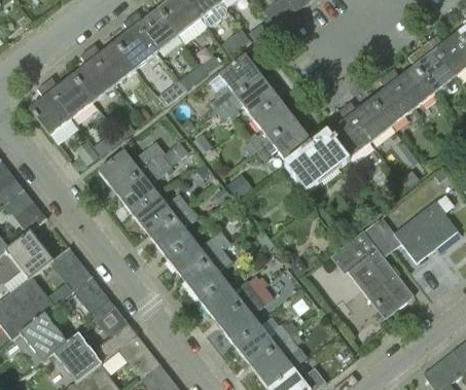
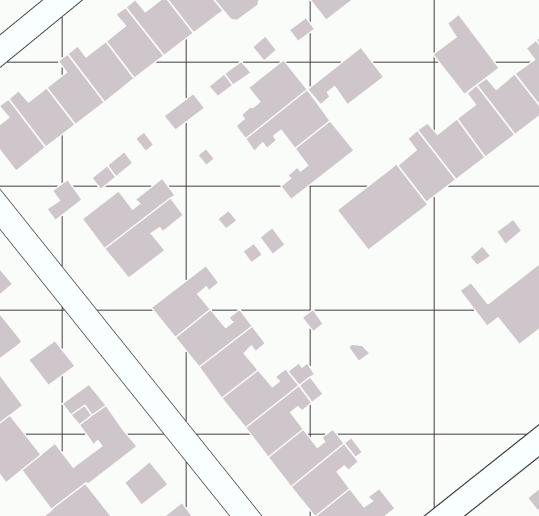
building: none -> [433,14,499,95]
building: [257,120,313,163] -> [308,47,384,105]
building: [132,193,188,236] -> none
building: [330,223,414,319] -> none

